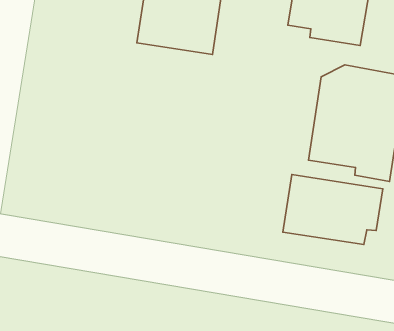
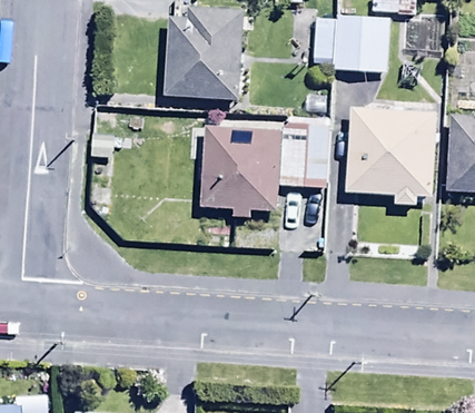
building: none -> [206,119,329,217]
building: [283,174,383,245] -> none

